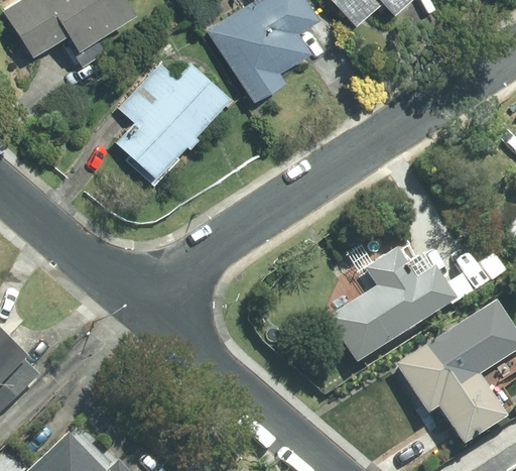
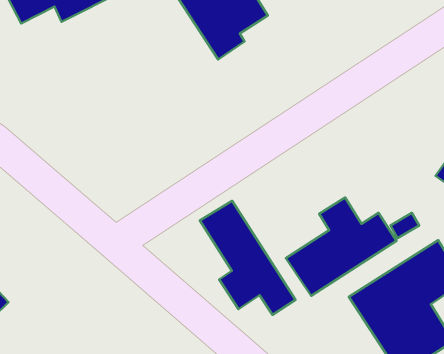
building: [117,61,226,173] -> none
building: none -> [200,201,296,315]

